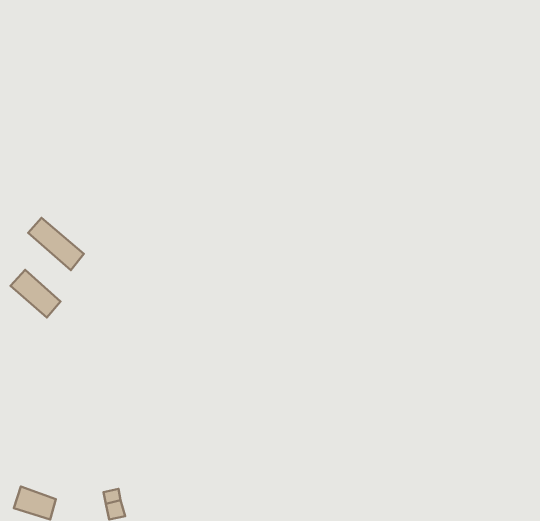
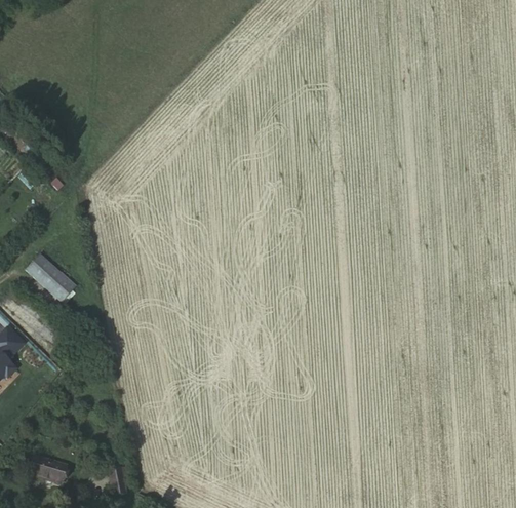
building: [28,218,84,270] -> none

